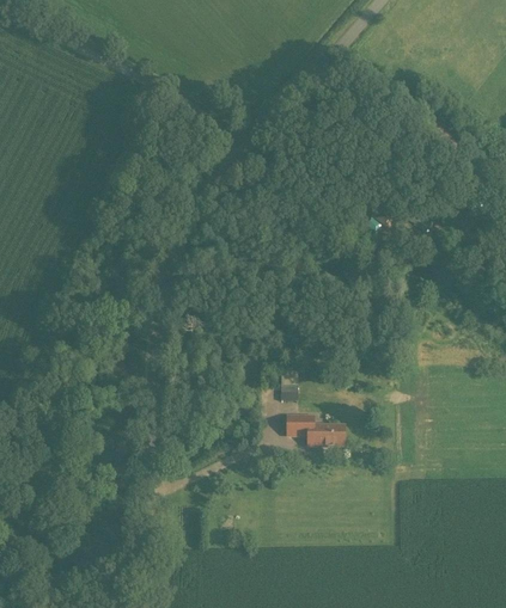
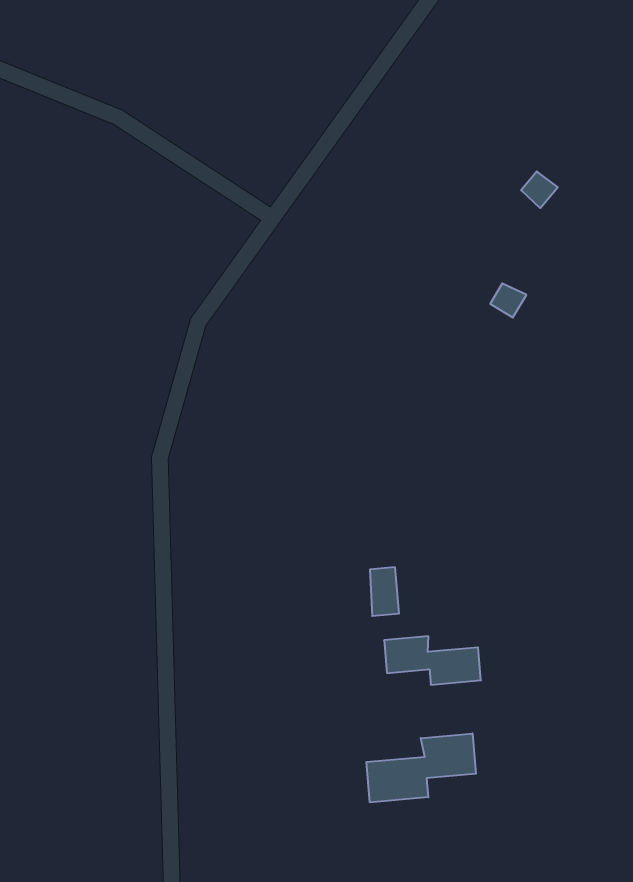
building: none -> [366,733,476,802]

